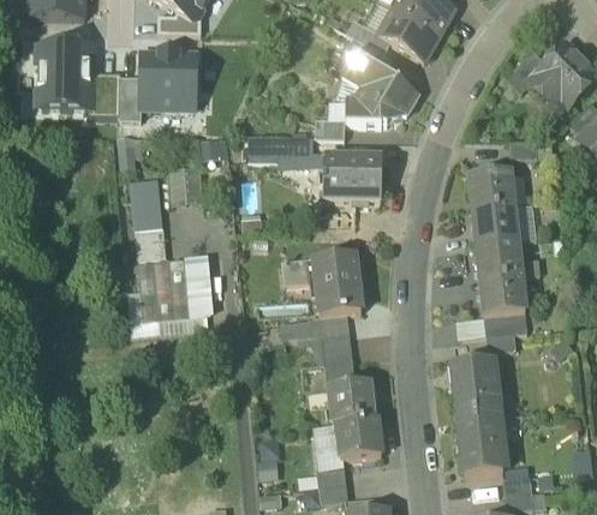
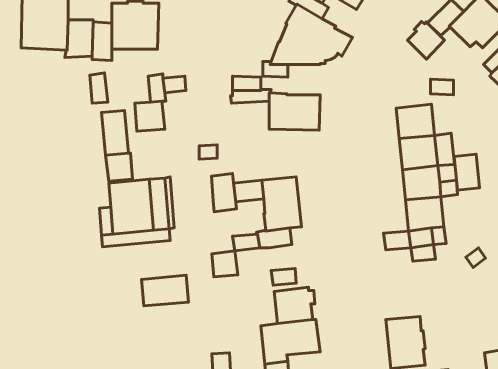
building: none -> [407,21,445,59]
building: [249,138,281,161] -> none
building: none -> [454,154,480,190]
building: none -> [211,174,236,212]
building: [323,333,353,363] -> [212,251,238,277]
building: [452,359,497,419] -> none
building: none -> [142,275,189,306]

